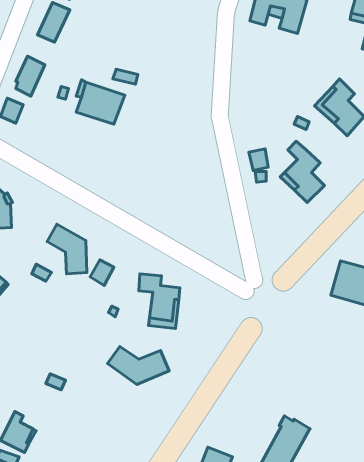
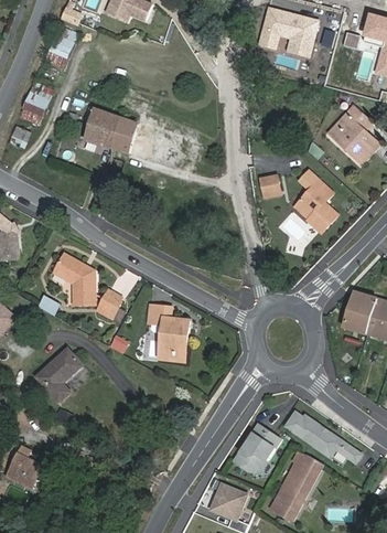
building: none -> [36,349,80,399]
building: [108,346,169,384] -> none
building: none -> [286,411,359,461]
building: none -> [234,423,279,469]

